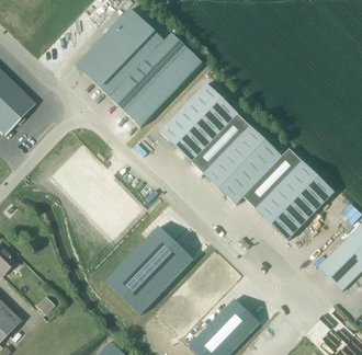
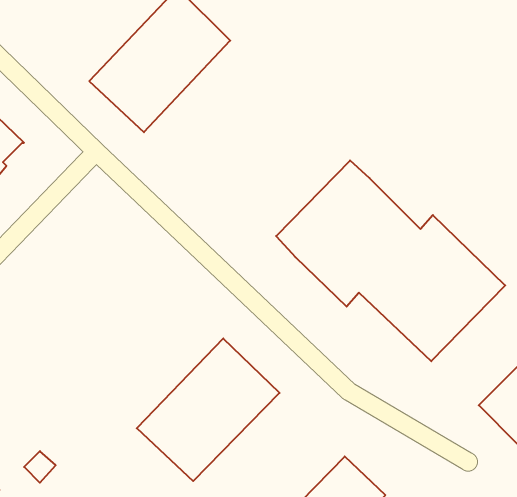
building: [110,33,202,126] -> none
building: [160,82,238,161] -> none

